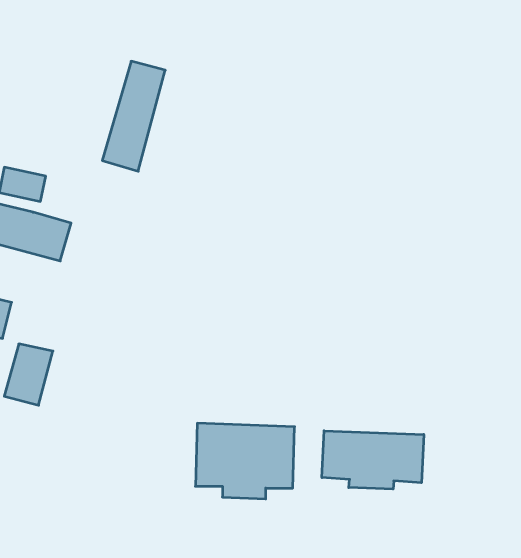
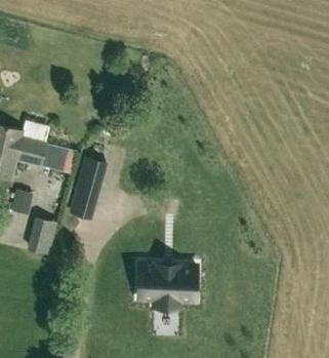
building: [102,61,165,171] -> [71,157,107,220]
building: [322,431,424,489] -> none

